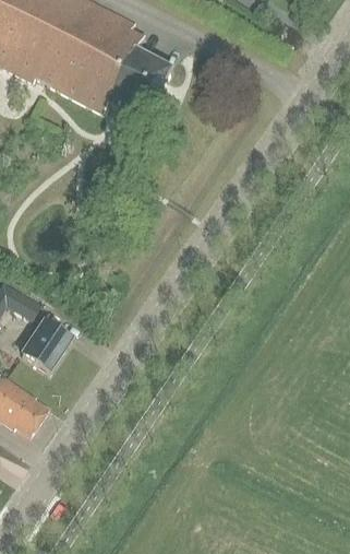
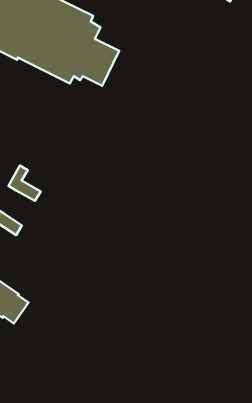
building: none -> [8,165,41,201]
building: [21,321,70,373] -> none

